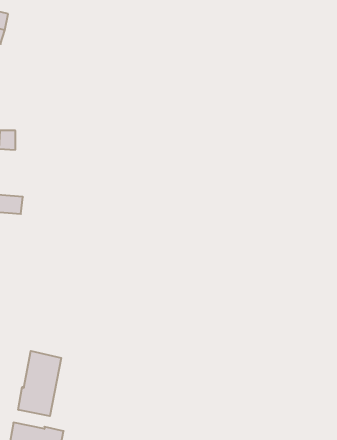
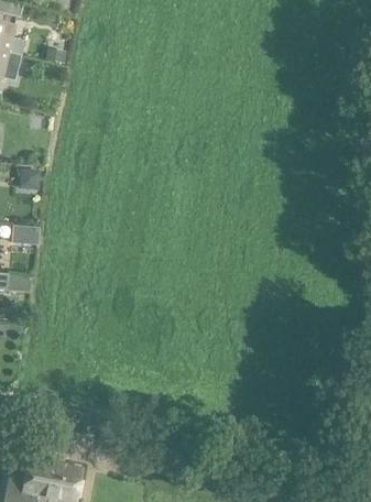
building: [18,351,61,416] -> none

